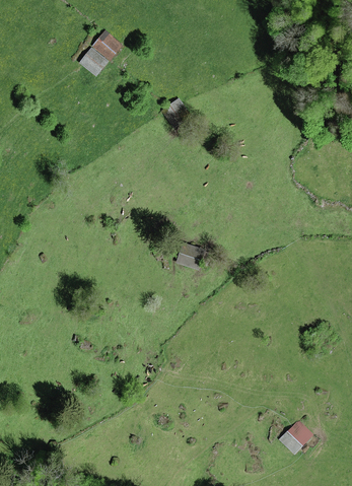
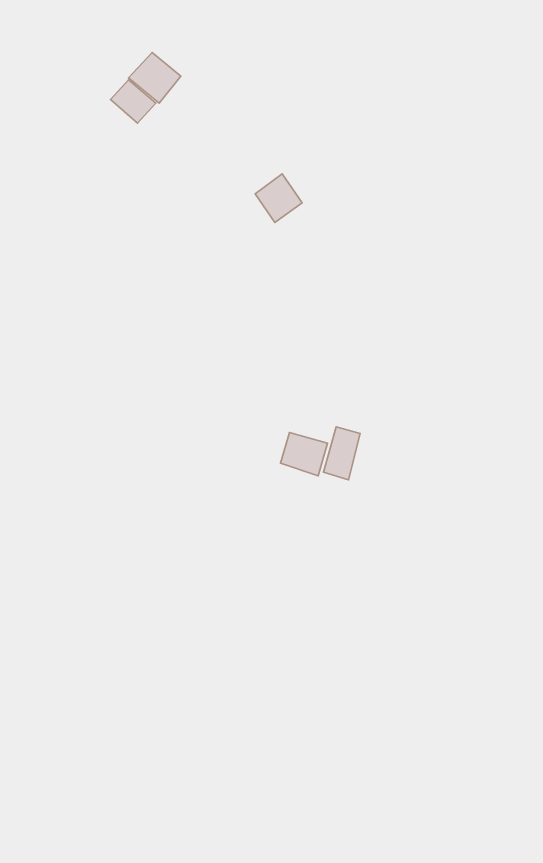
building: none -> [323,427,360,480]
building: [280,420,311,450] -> none

